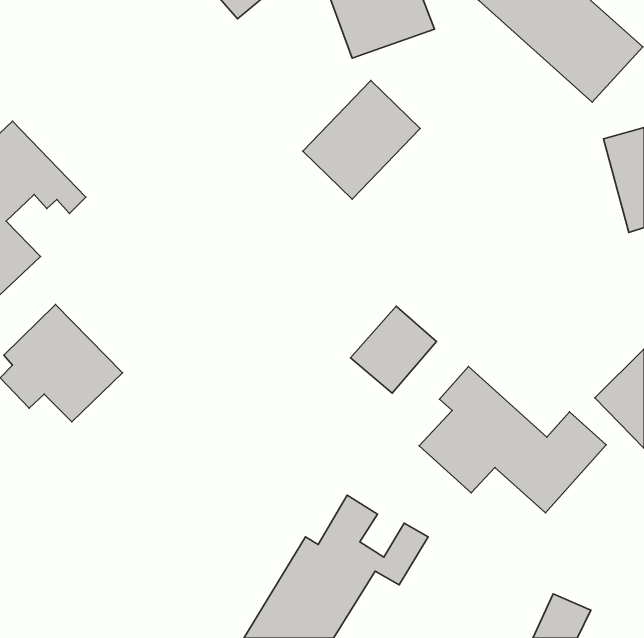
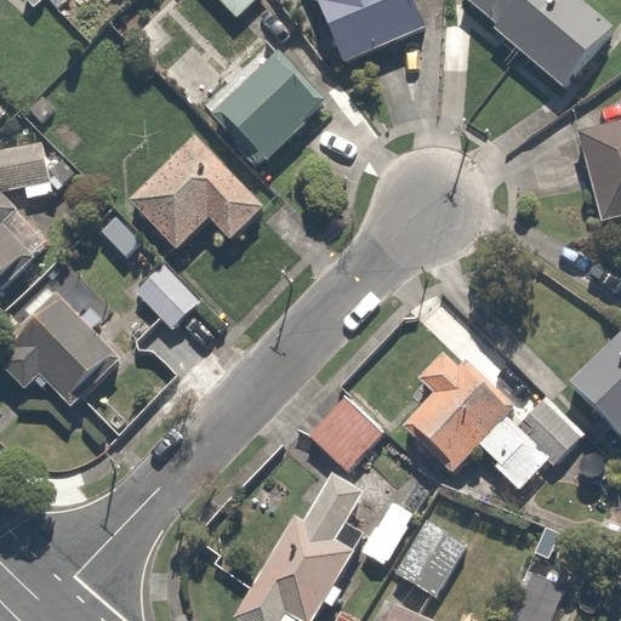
building: [303,80,420,199] -> [216,49,329,163]
building: none -> [133,138,266,250]
building: none -> [133,261,203,330]
building: [351,306,436,393] -> [309,389,392,473]
building: none -> [389,519,465,599]

